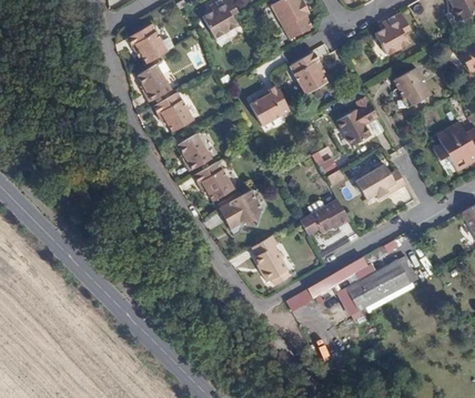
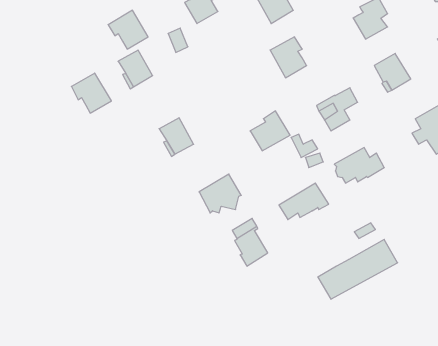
building: [251,85,291,125] -> [250,111,290,151]
building: [154,93,194,133] -> [71,73,111,113]
building: [194,161,235,201] -> none
building: [304,256,368,297] -> none

